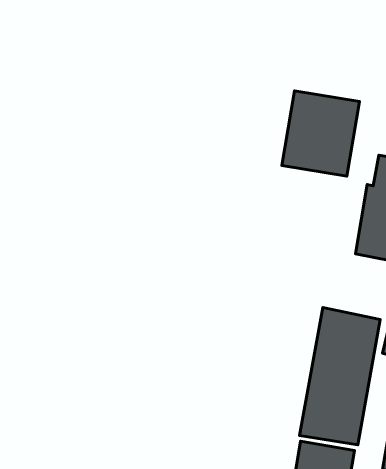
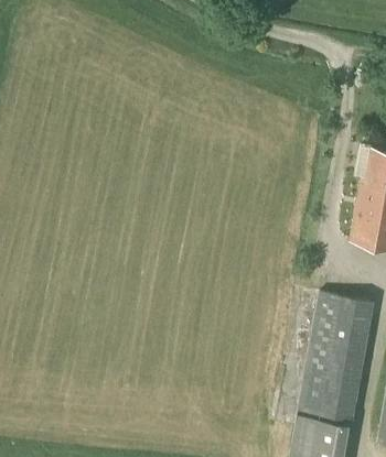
building: [282,91,359,176] -> none

